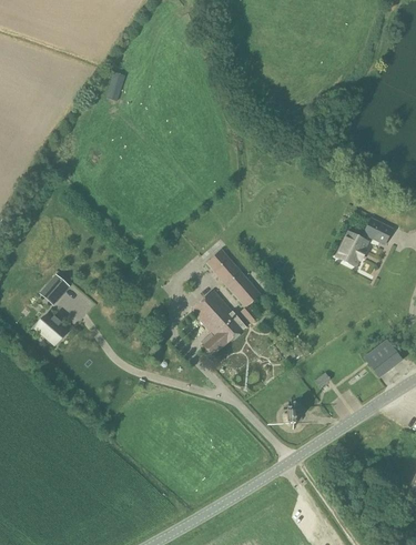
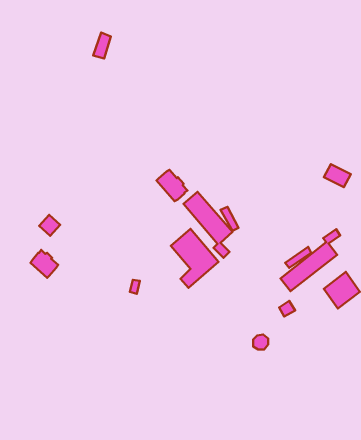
building: none -> [156,170,188,201]
building: [336,232,367,265] -> none
building: none -> [280,229,340,291]

